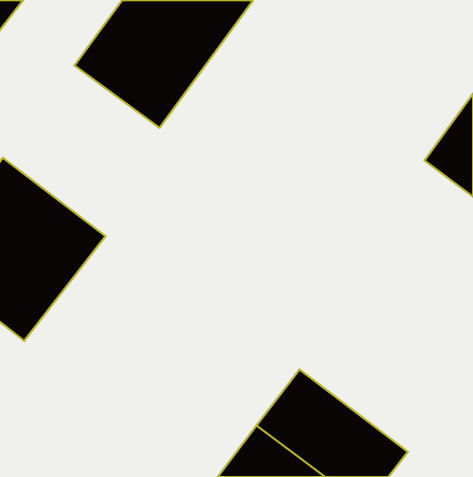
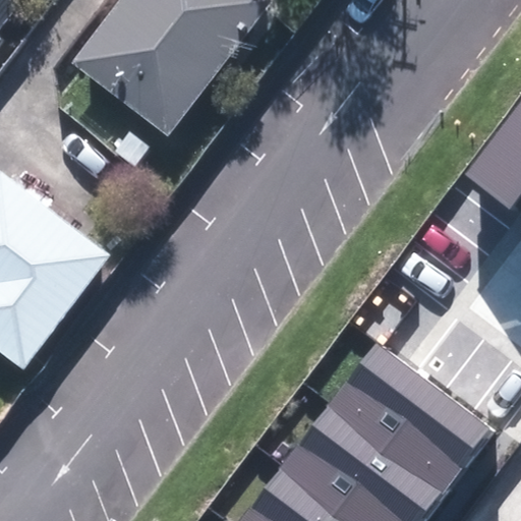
building: none -> [327,342,493,493]

